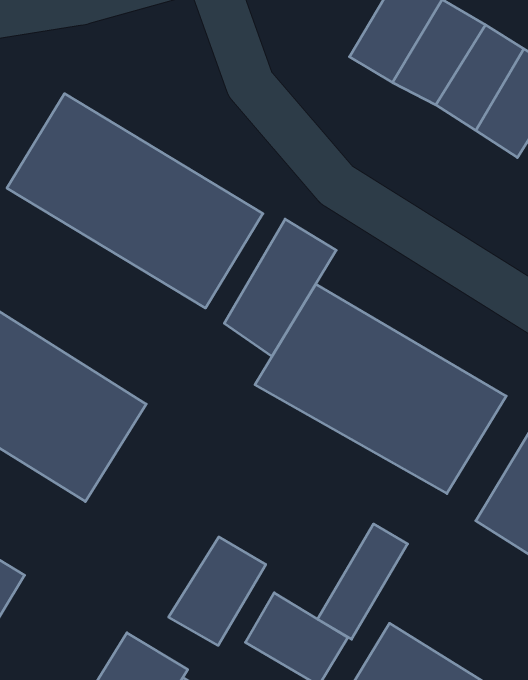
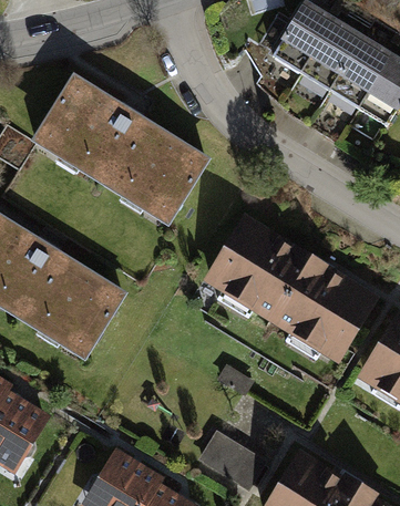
building: [224,219,336,357] -> none
building: [318,524,408,639] -> none
building: [169,537,266,645] -> none

